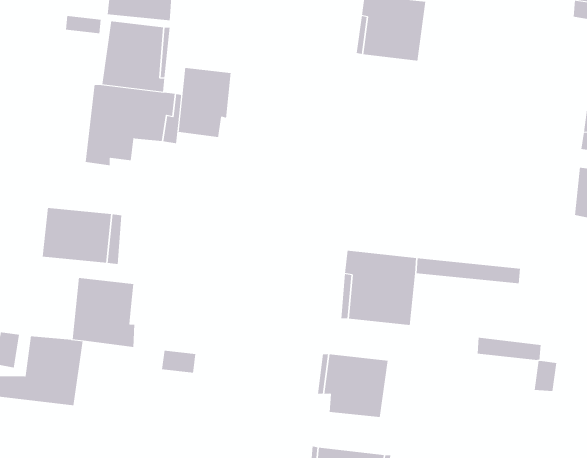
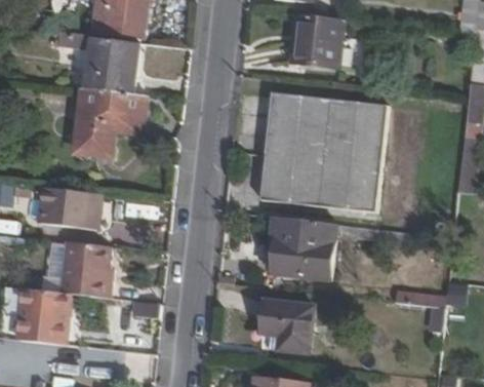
building: [178,67,231,138] -> none
building: none -> [260,95,386,214]

